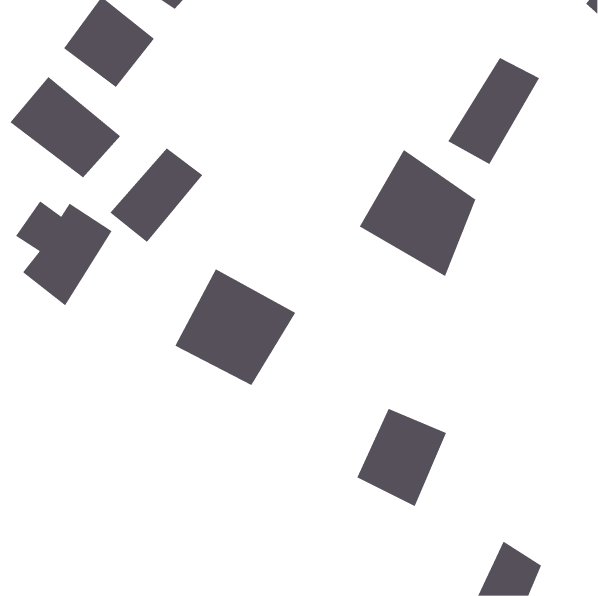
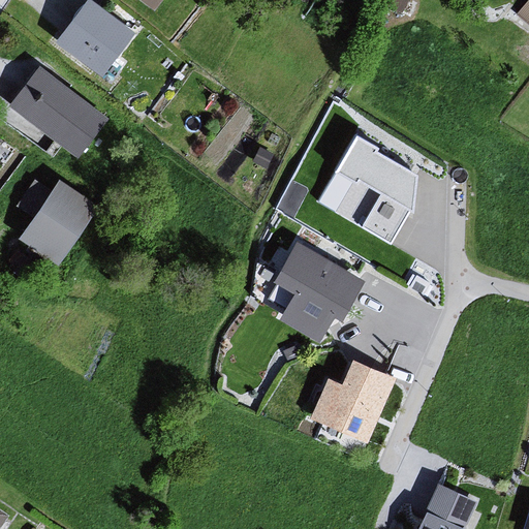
building: [447,57,540,165] -> none
building: [109,148,203,243] -> none
building: [174,268,296,386] -> [257,241,365,344]

